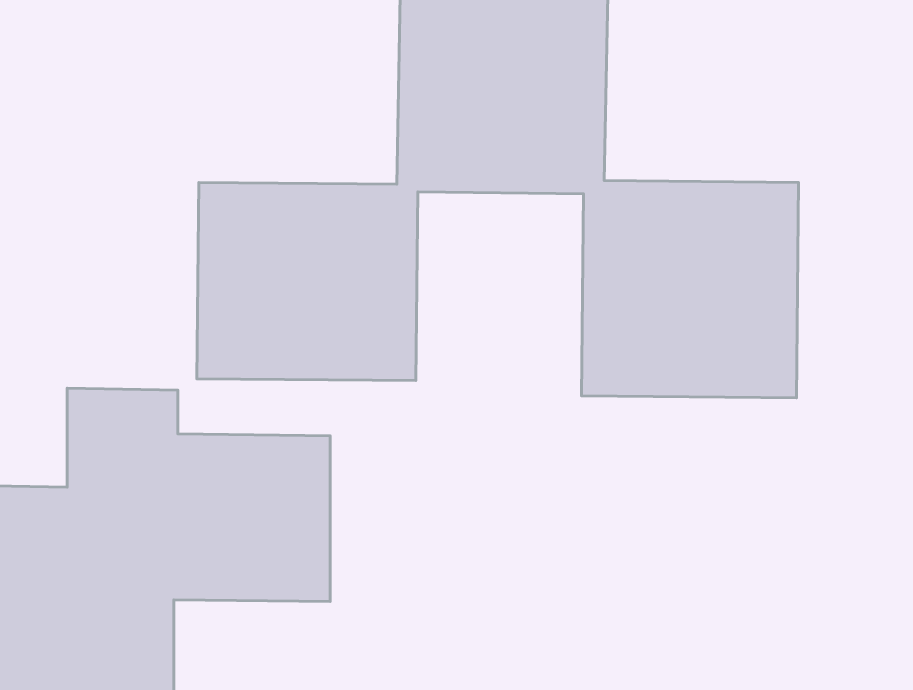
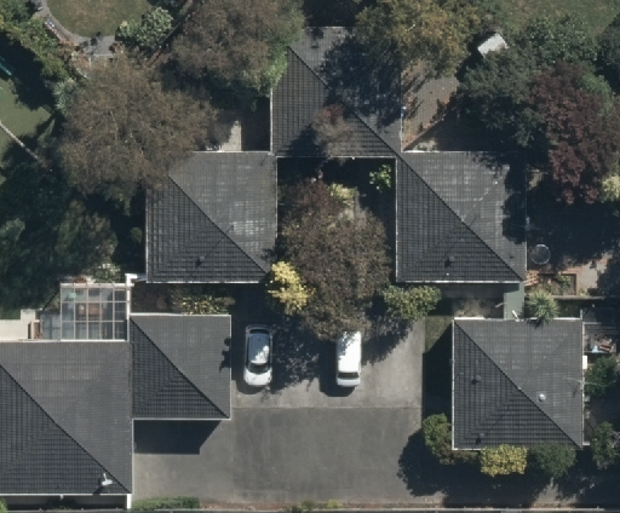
building: none -> [452,323,581,453]

